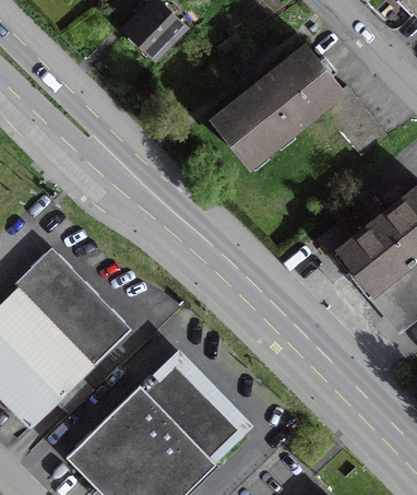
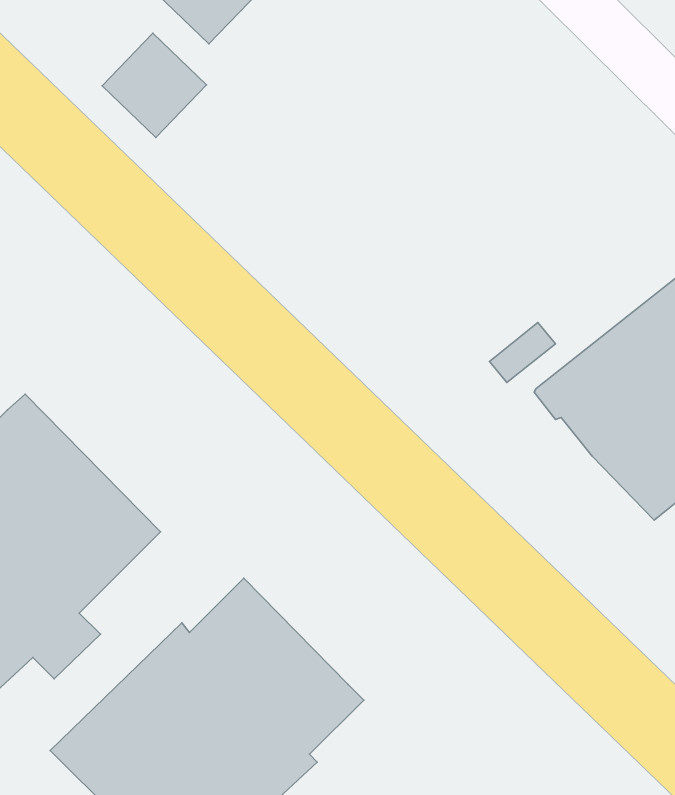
building: [212,47,385,165] -> none
building: none -> [102,33,207,138]

